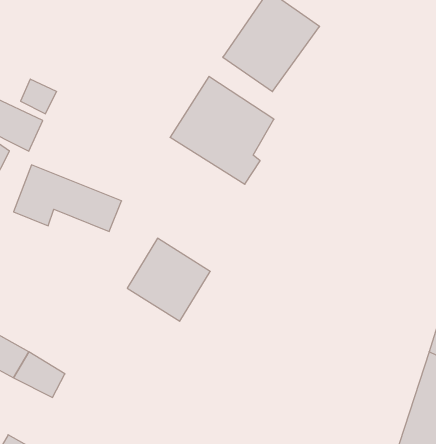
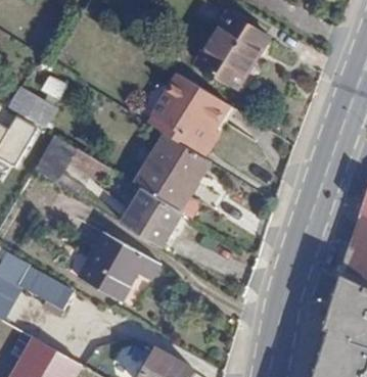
building: none -> [131,136,203,221]
building: none -> [78,236,162,308]

